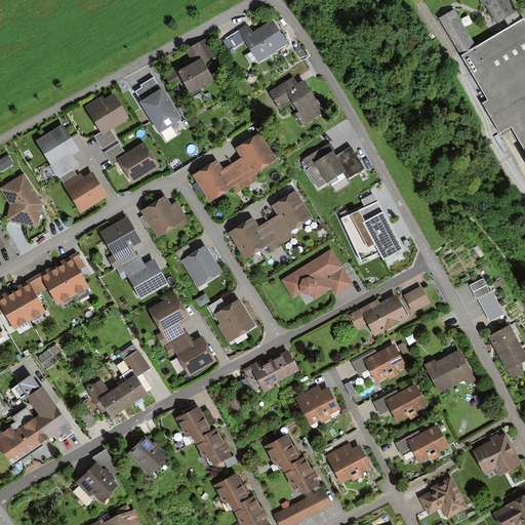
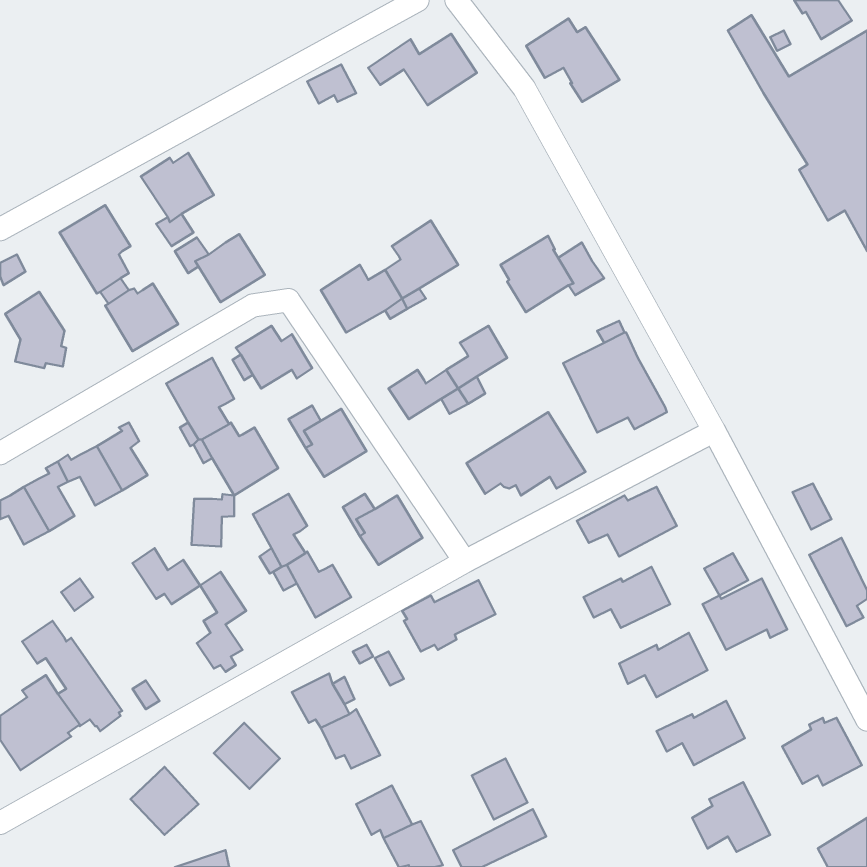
building: [177,57,214,94] -> none
building: [269,75,325,125] -> [526,19,620,102]
building: [135,78,181,143] -> none
building: [403,287,430,313] -> [704,553,748,596]
building: none -> [191,494,234,546]
building: [88,381,129,415] -> [132,548,200,604]
building: [296,387,339,425] -> none
building: [266,436,299,472] -> none
building: [326,444,371,483] -> none

